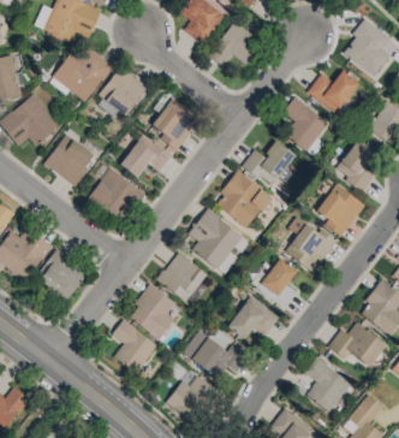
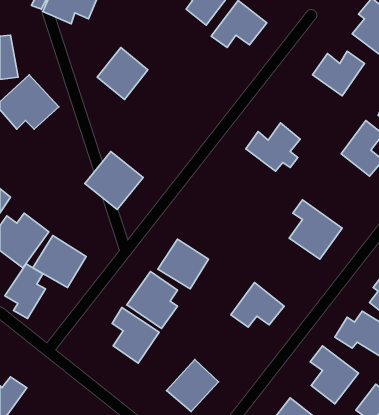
building: [52,46,113,101] -> none
building: [151,97,200,150] -> none
building: [281,97,328,156] -> none
building: [43,134,95,185] -> none
building: [119,134,172,177] -> none
building: [218,172,270,227] -> none
building: [315,183,364,236] -> none
building: [187,208,242,274] -> none
building: [256,256,297,307] -> none
building: none -> [5,264,46,319]
building: [181,330,248,378] -> none

